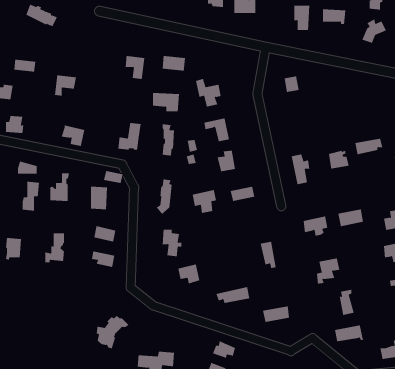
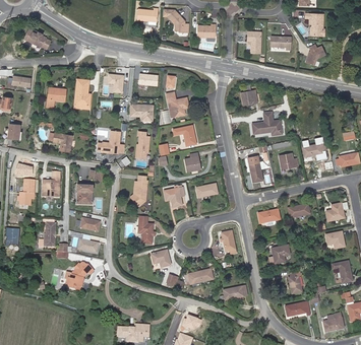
building: none -> [74,79,92,110]
building: none -> [252,113,282,136]
building: [96,315,129,349] -> [65,263,94,291]

